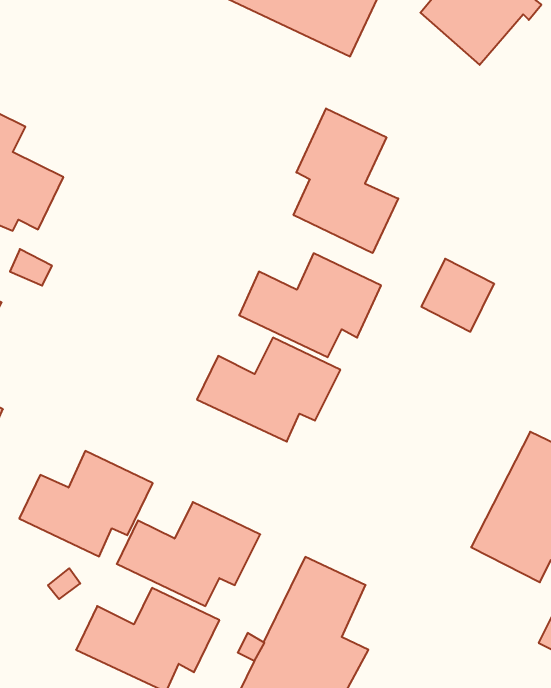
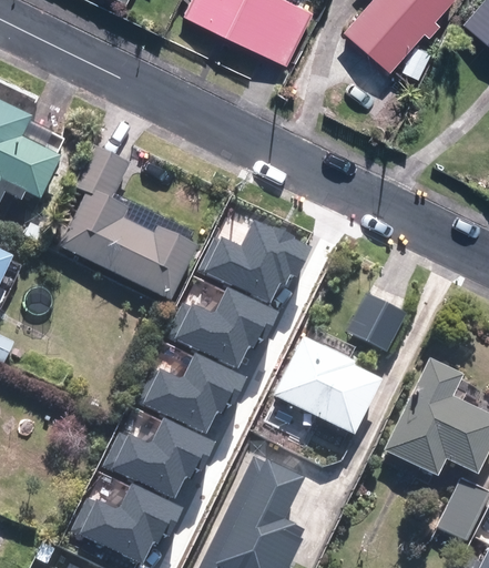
building: [294,108,398,253] -> none
building: none -> [59,145,198,302]
building: [421,259,494,332] -> [348,291,406,348]
building: none -> [274,336,381,434]
building: [19,451,153,556] -> [144,348,249,432]

